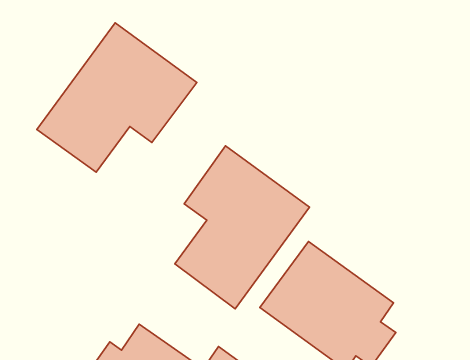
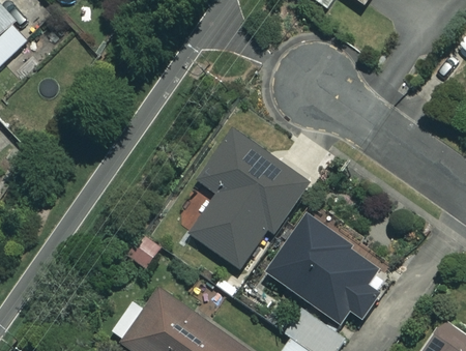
building: [37,23,197,172] -> none

